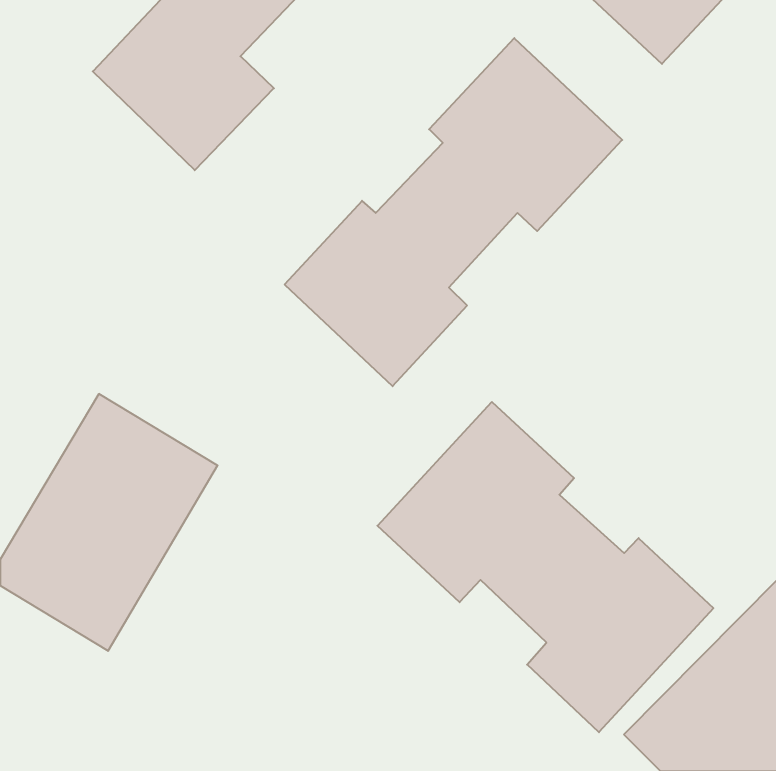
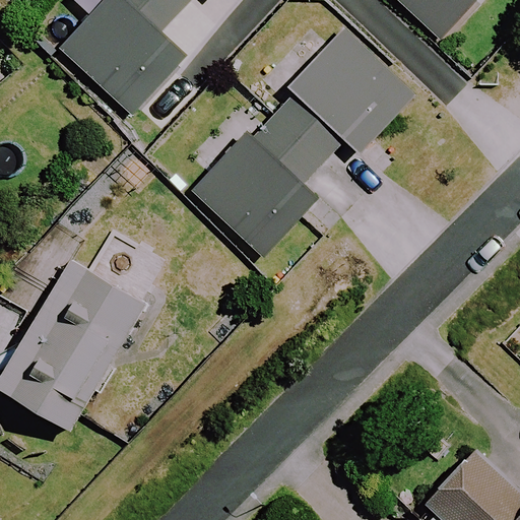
building: [377,402,713,732] -> none

